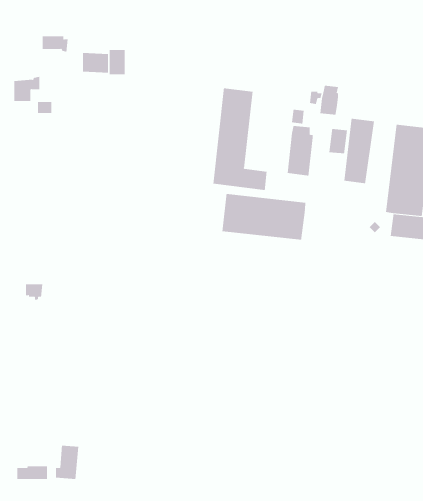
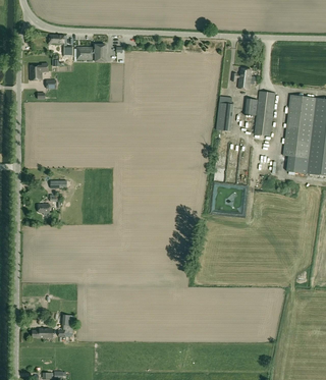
building: [213,88,267,191] -> none
building: [222,193,306,241] -> none

